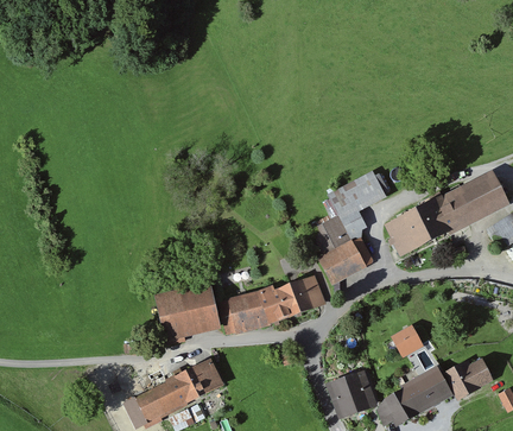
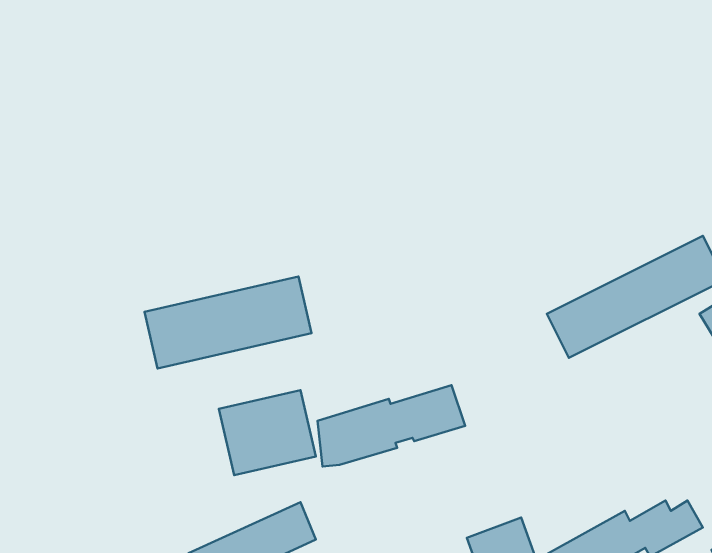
building: [309,170,391,281] -> none
building: none -> [145,277,312,368]
building: [391,323,424,356] -> none

